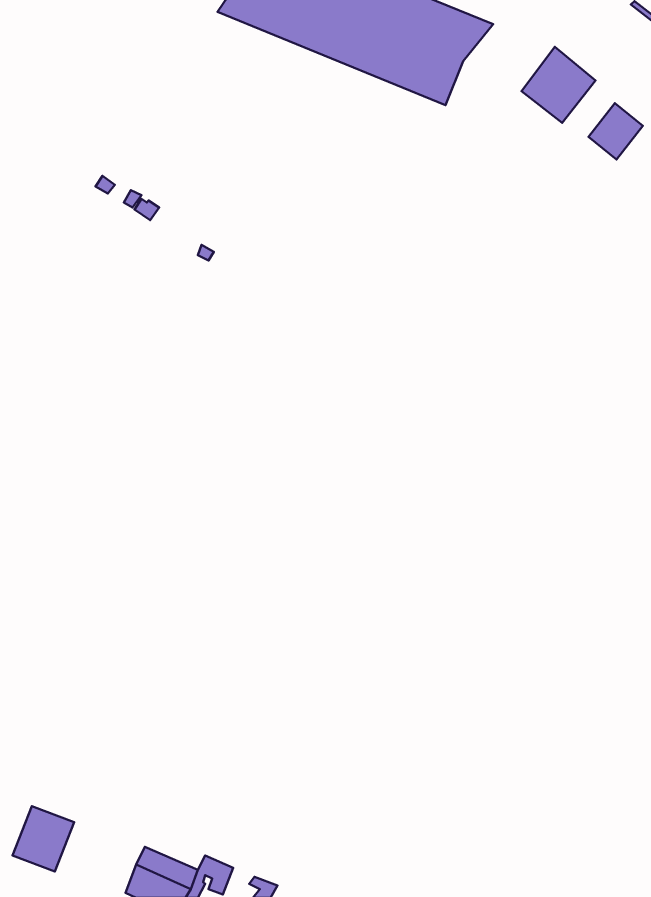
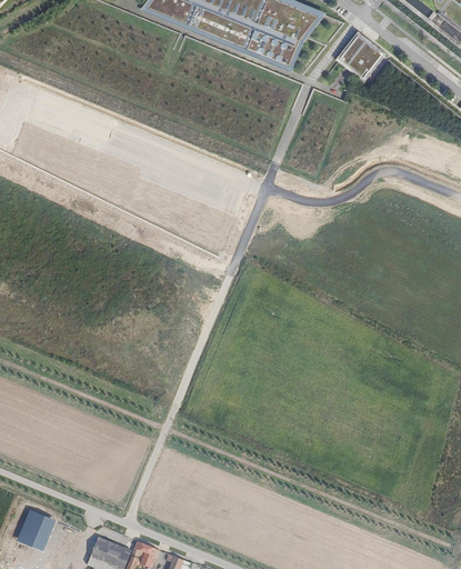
building: [588,103,643,159] -> none

